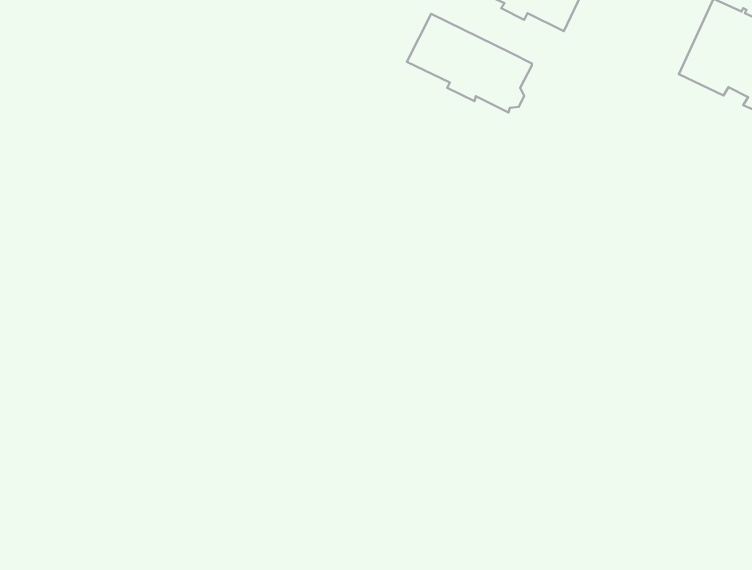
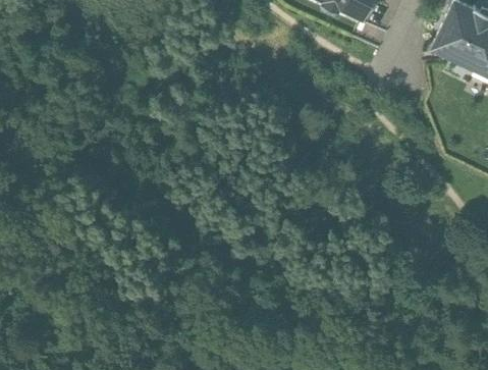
building: [407,14,532,113] -> none

